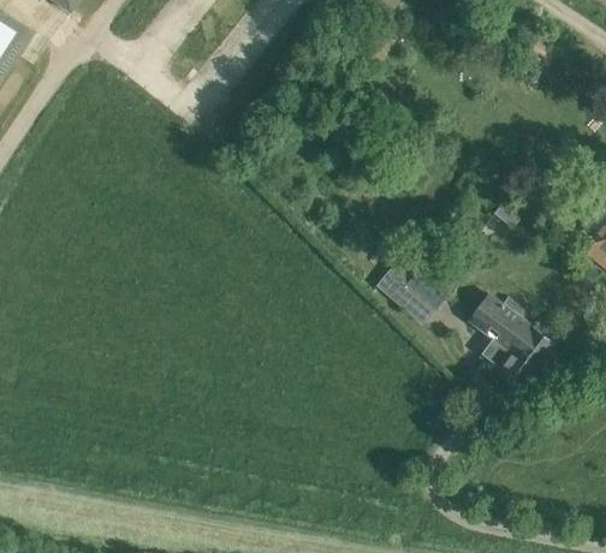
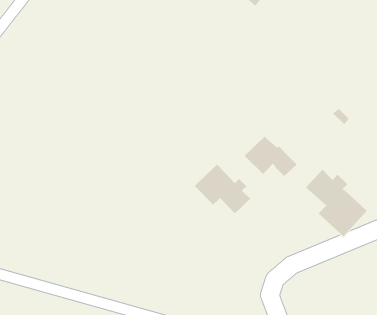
building: none -> [194,164,251,214]

